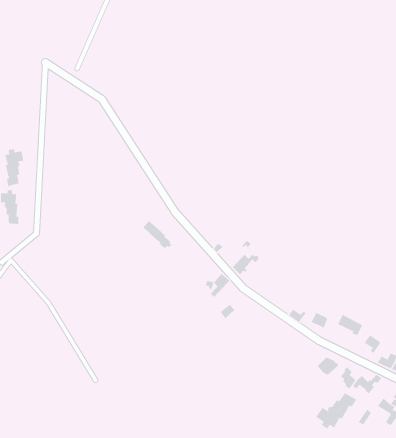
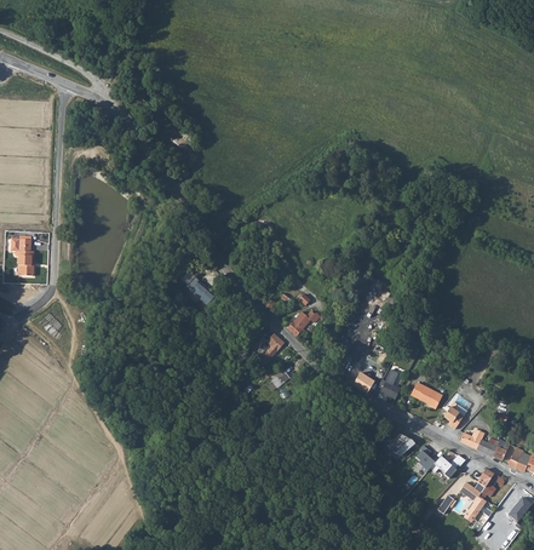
building: [5,149,24,187] -> none
building: [316,393,357,430] -> none

